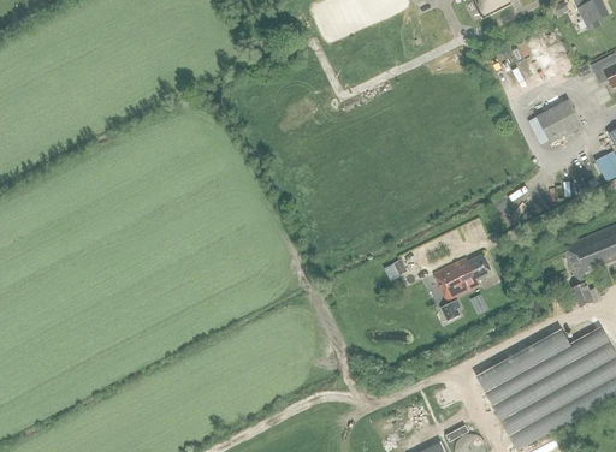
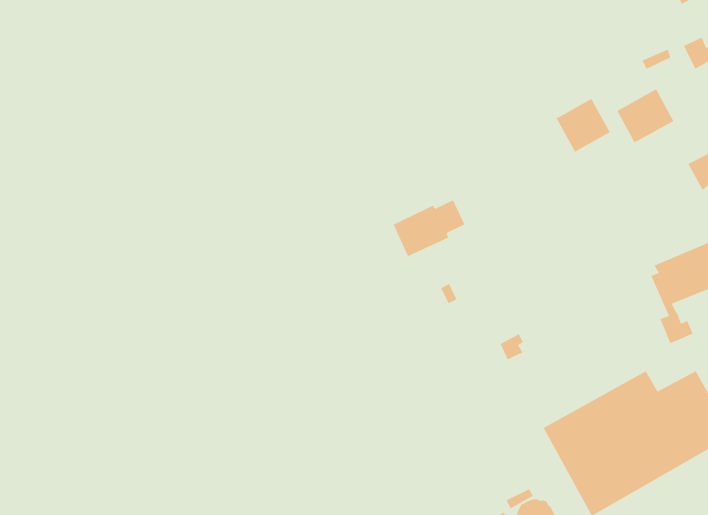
building: none -> [556,98,611,153]
building: [434,252,493,299] -> [393,199,465,257]

